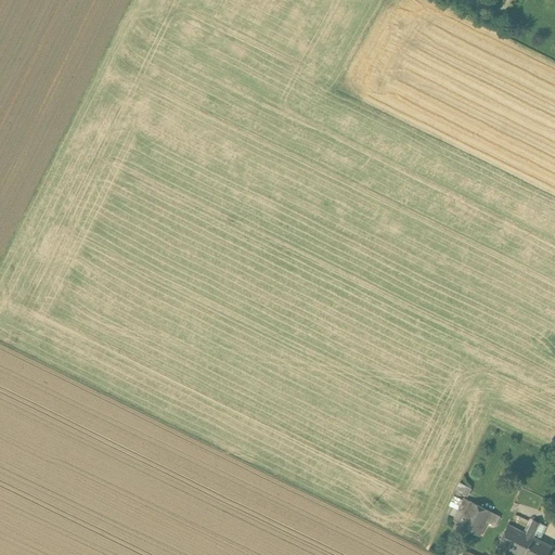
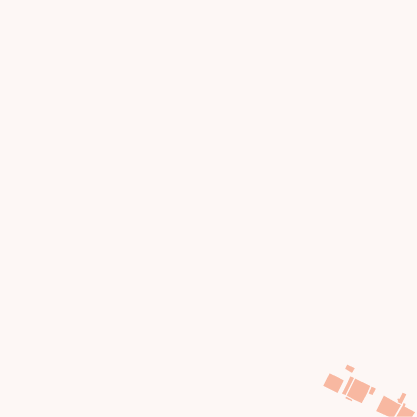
building: none -> [323,373,344,394]

